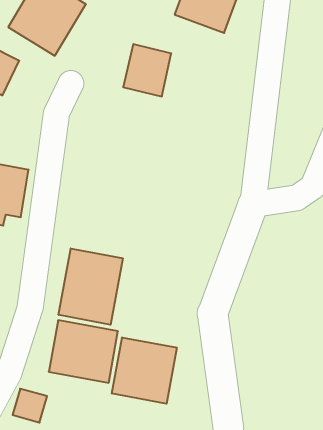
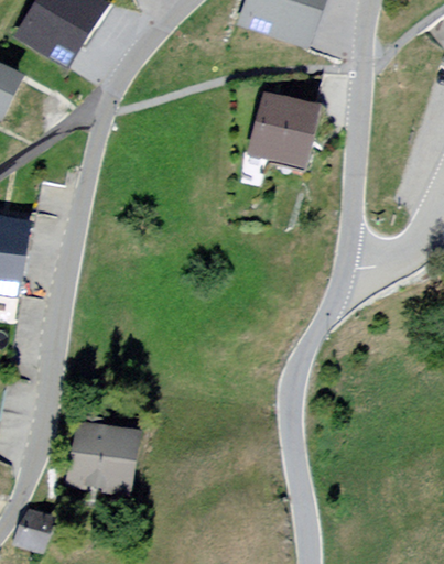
building: [123,44,171,96] -> [243,94,306,162]
building: [59,248,123,325] -> none
building: [112,337,177,404] -> none

